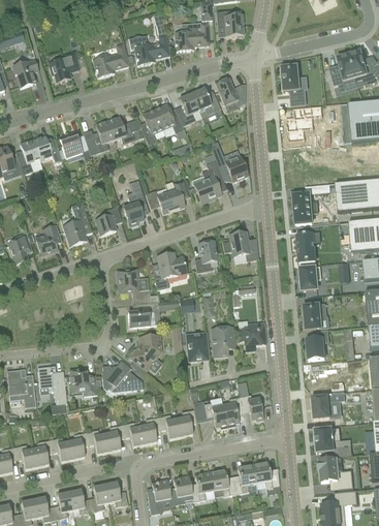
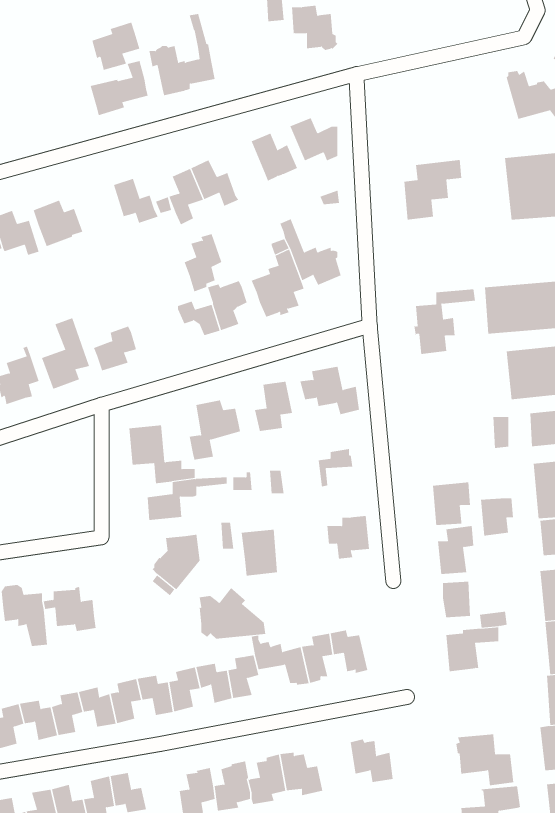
building: [173,22,209,51] -> none
building: [49,52,78,82] -> [91,22,140,71]
building: [328,52,355,86] -> none
building: [280,64,306,105] -> none
building: [176,93,199,126] -> none
building: [83,120,113,154] -> none
building: [123,190,147,226] -> [184,234,222,292]
building: [296,231,321,261] -> none
building: [299,267,320,290] -> [480,498,514,536]
building: [211,327,233,357] -> none
building: [101,360,143,392] -> [199,587,266,639]
building: [314,428,351,457] -> none
building: [232,463,255,493] -> none

